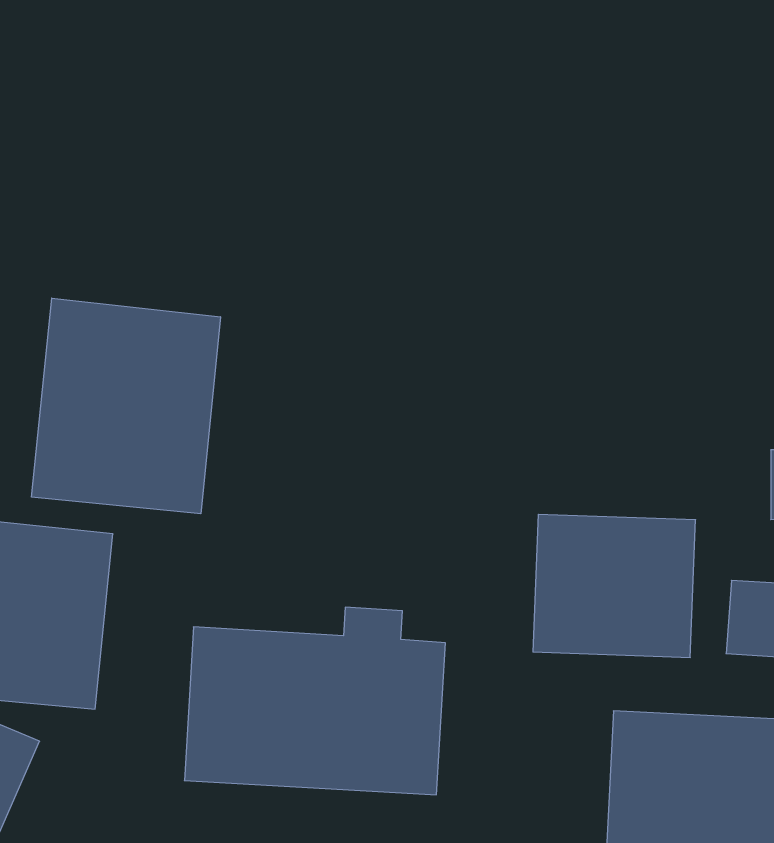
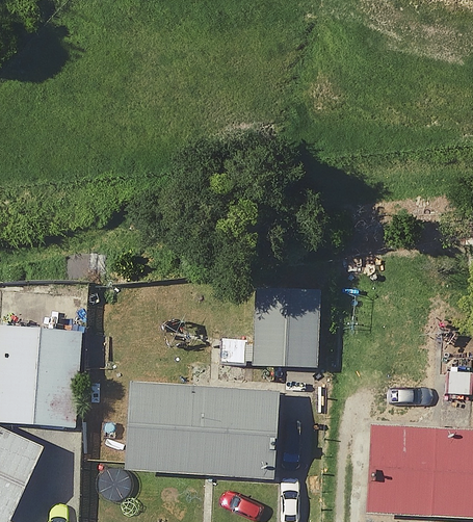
building: [32,298,220,514] -> none
building: [533,514,696,657] -> [225,285,319,368]

